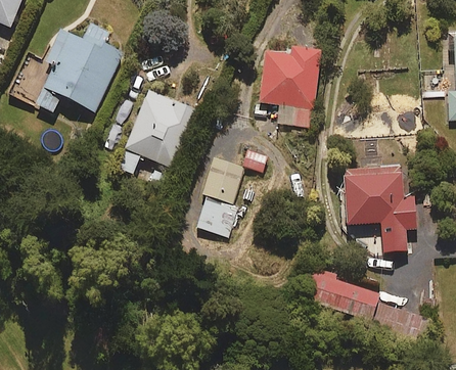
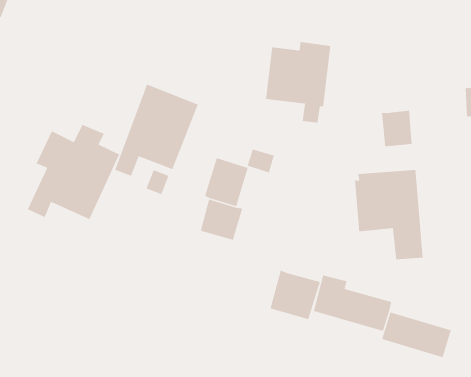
building: [37,24,125,114] -> [27,124,120,220]
building: none -> [381,110,412,147]
building: none -> [269,270,321,320]

